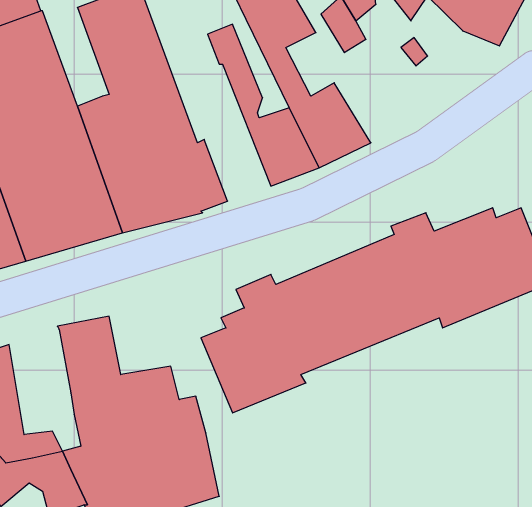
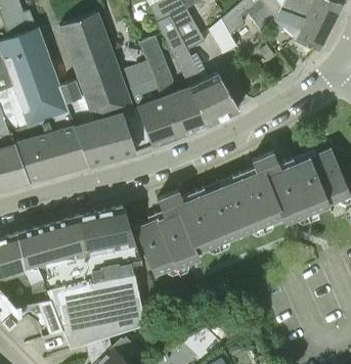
building: none -> [124,61,178,145]
building: none -> [79,207,142,267]
building: none -> [17,224,61,299]

